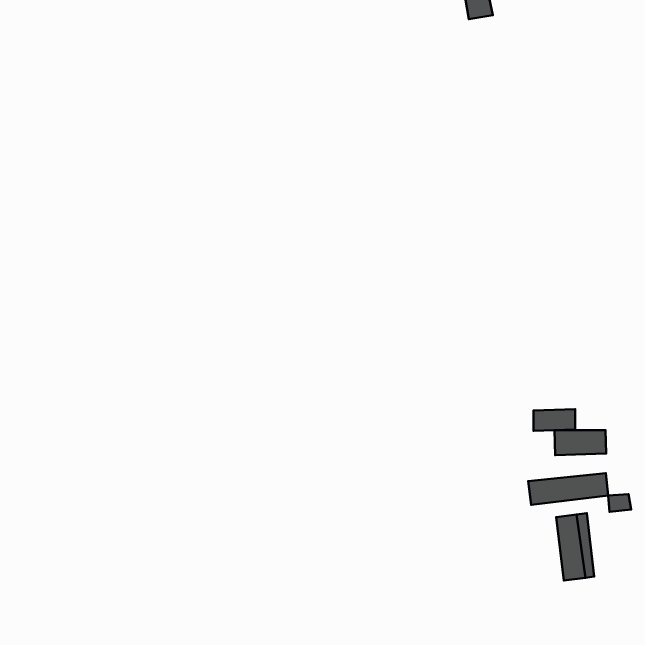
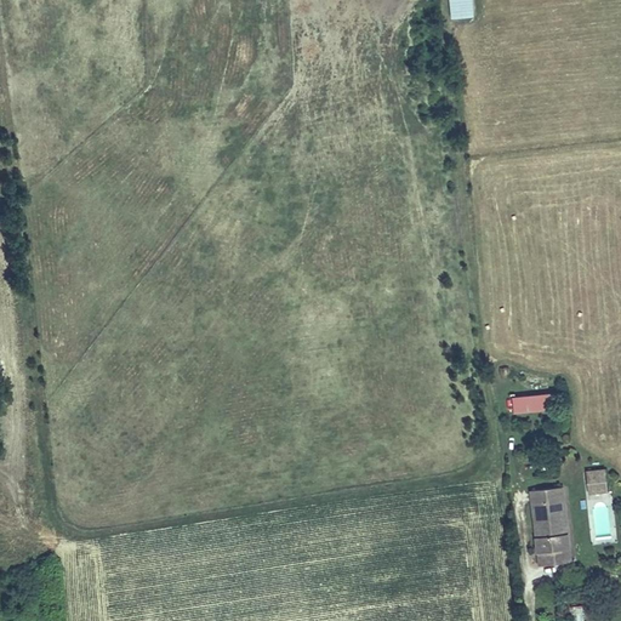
building: [554,430,606,455] -> none
building: [528,473,608,505] -> none

